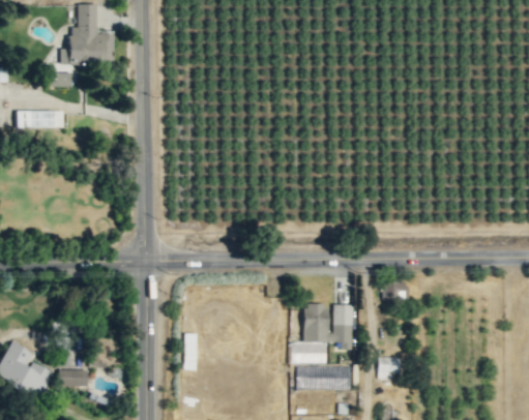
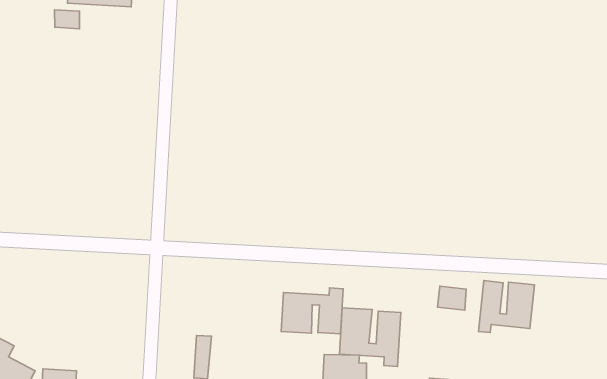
building: [17,111,63,128] -> none
building: none -> [479,281,534,333]
building: none -> [281,288,343,334]

